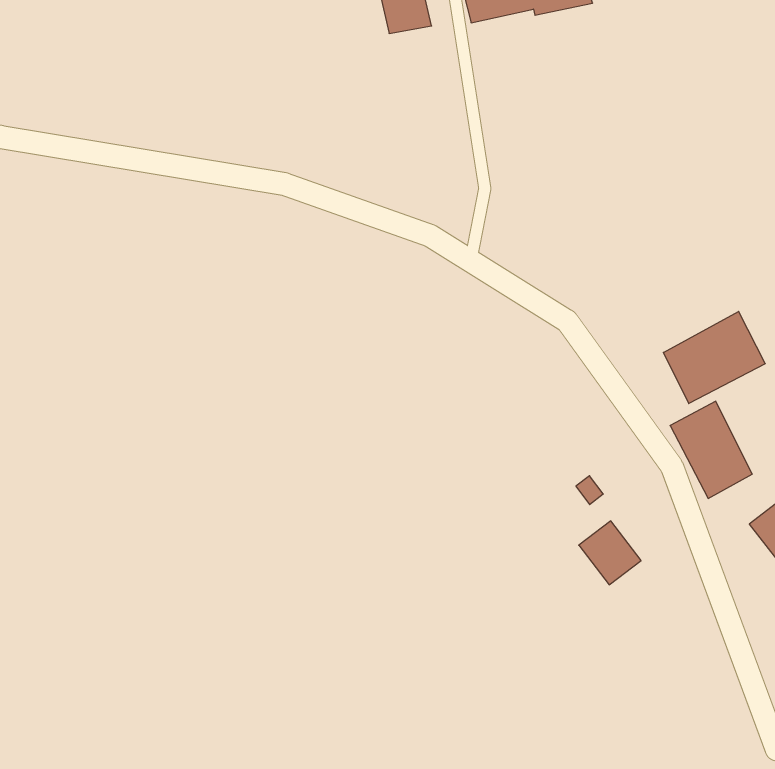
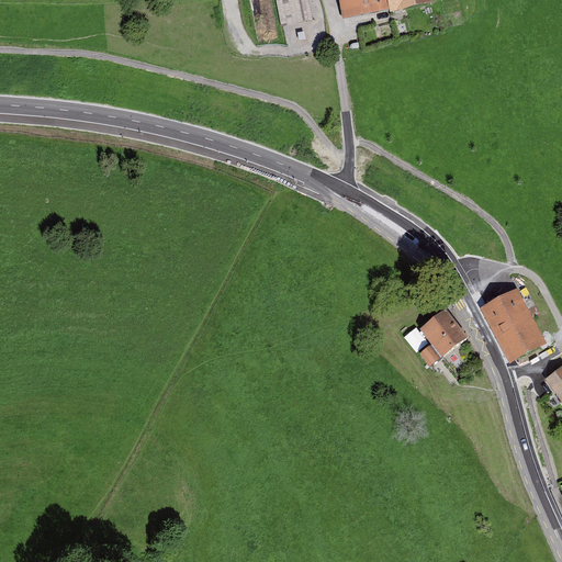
building: [663,311,765,404] -> none
building: [579,521,641,585] -> [417,310,462,356]

